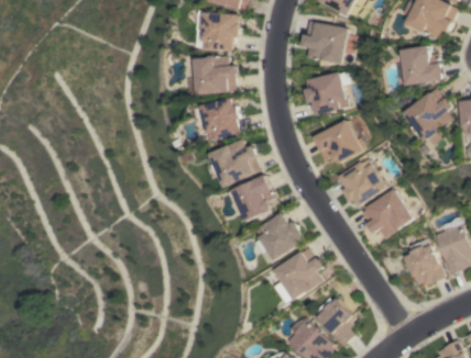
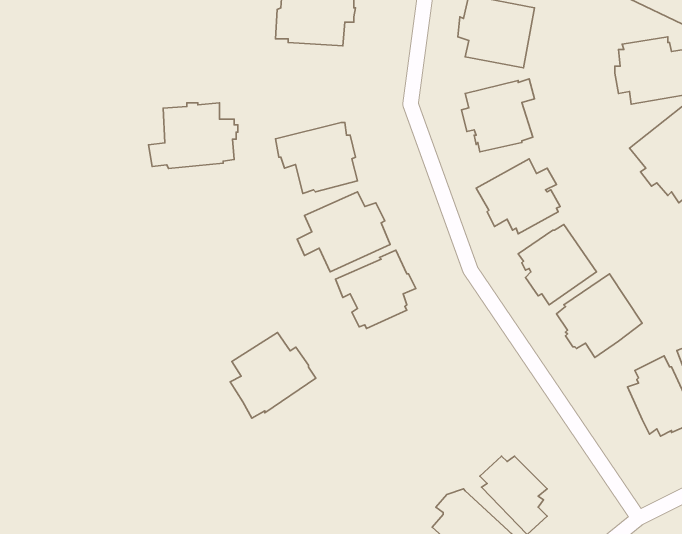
building: [184,55,238,94] -> [148,103,238,168]
building: [253,212,305,264] -> [230,332,316,418]
building: [273,247,324,304] -> none

